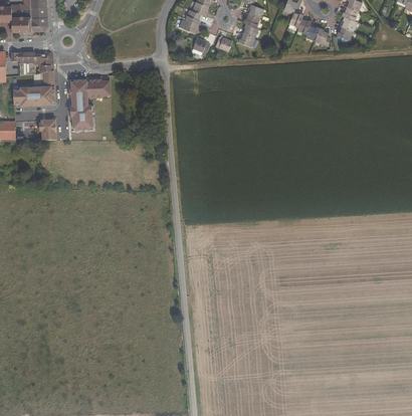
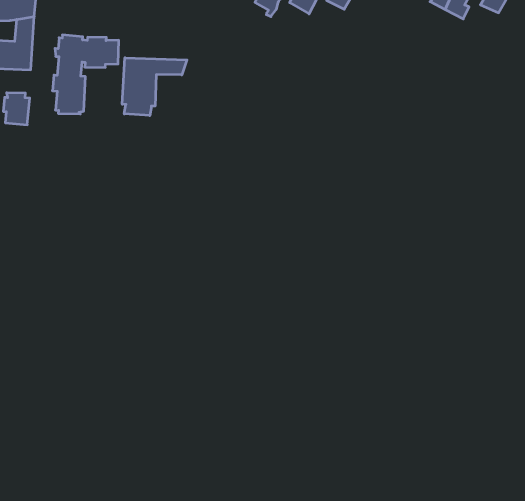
building: none -> [122,58,187,116]

